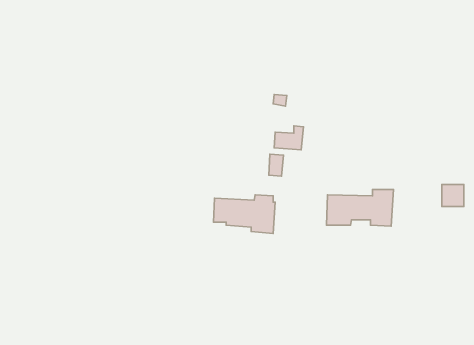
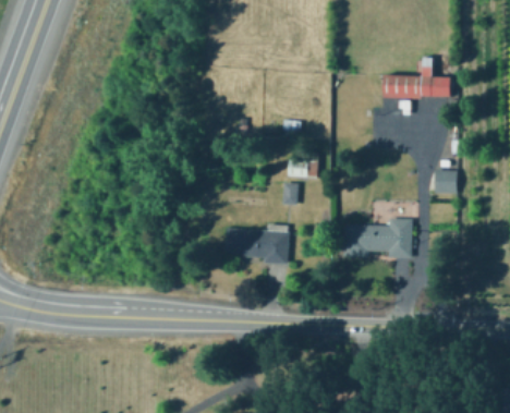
building: none -> [385,75,451,99]
building: [442,184,464,206] -> [435,171,458,194]

